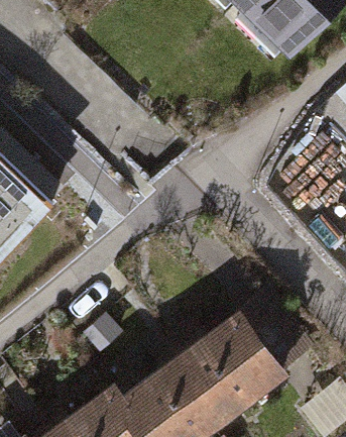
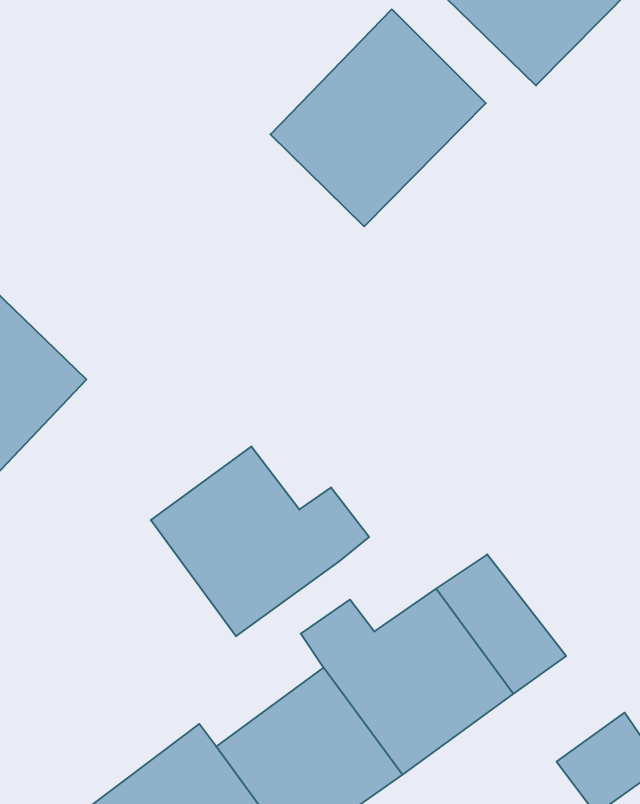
building: none -> [270,9,486,226]
building: none -> [151,446,369,636]

